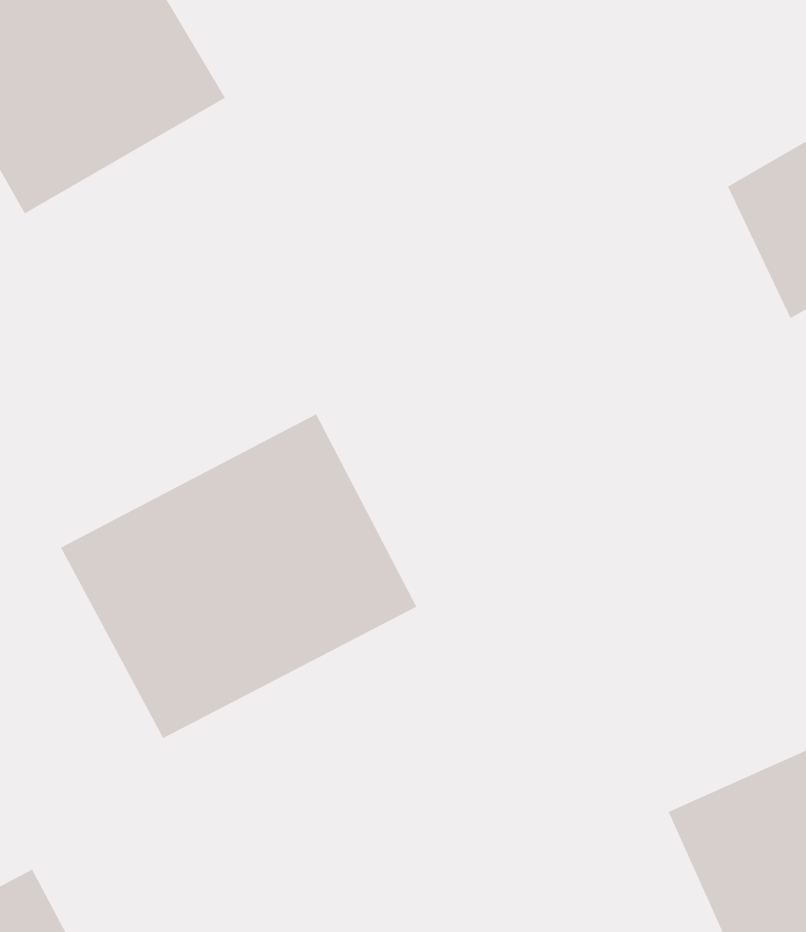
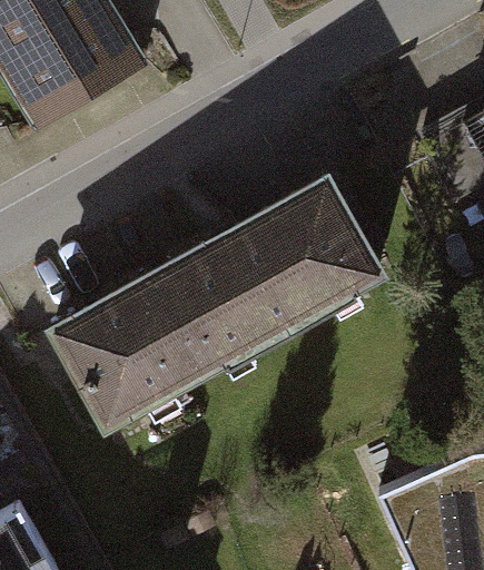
building: none -> [191,181,384,362]

